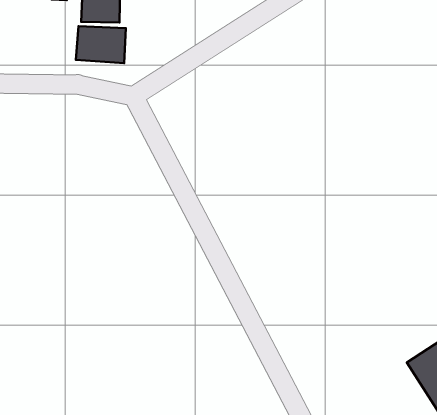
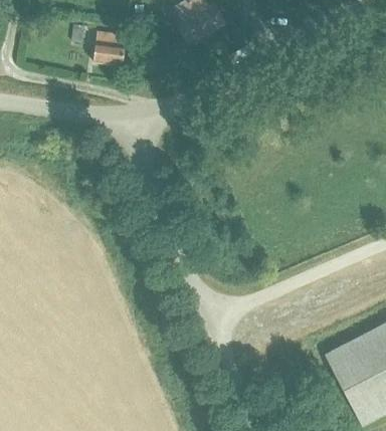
building: [76,26,126,63] -> none

